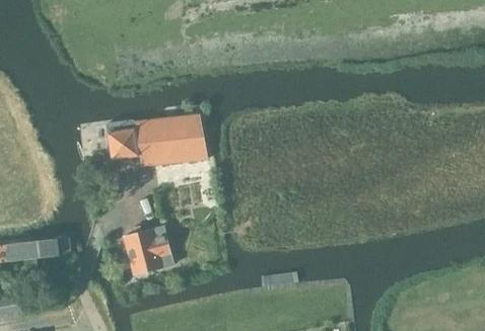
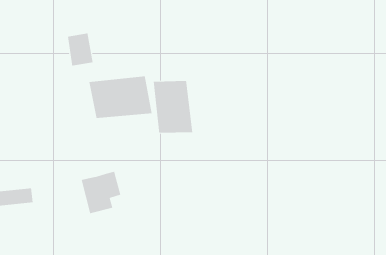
building: [106,120,136,159] -> [67,33,93,66]
building: none -> [153,80,193,134]

